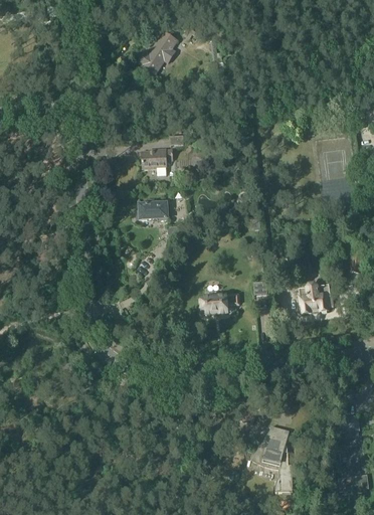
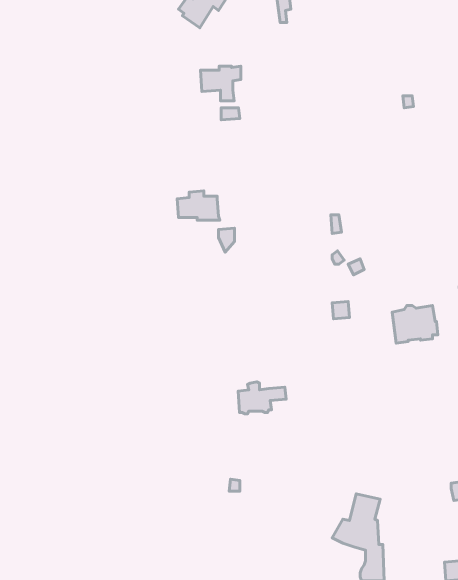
building: [142,147,172,173] -> [201,66,241,101]
building: [202,289,238,313] -> [238,382,286,414]

